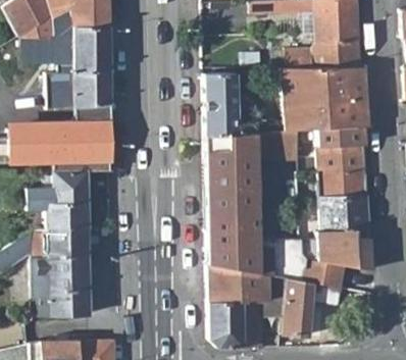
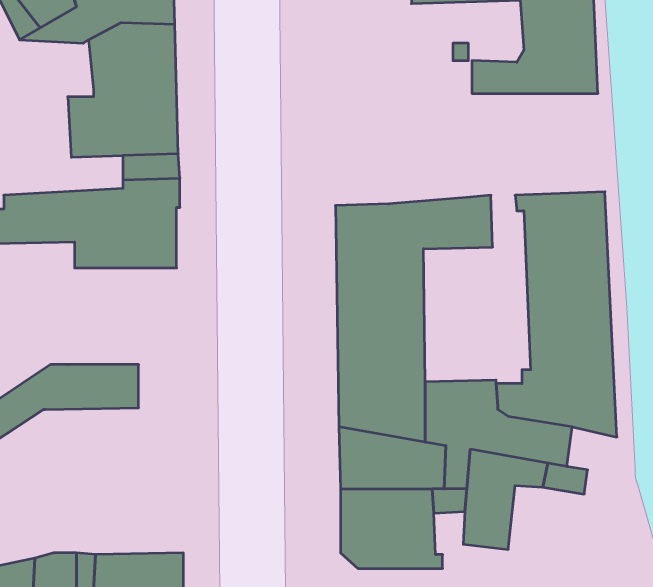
building: [281,67,366,128] -> none
building: [204,72,237,134] -> none
building: [45,170,89,227] -> none
building: [33,253,90,313] -> none

